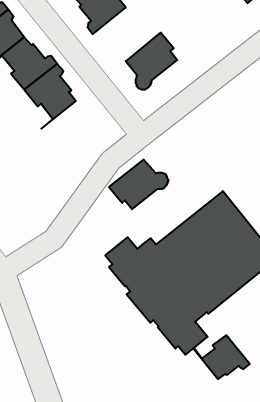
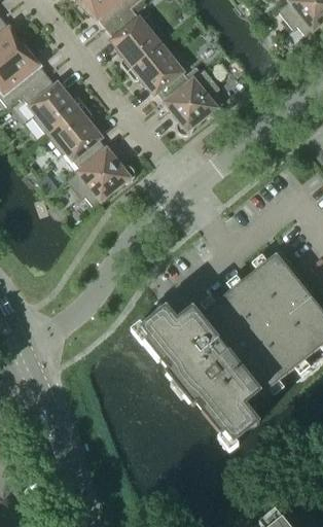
building: none -> [125,40,204,102]
building: [109,159,169,209] -> [66,148,135,206]
building: [193,335,250,379] -> none

